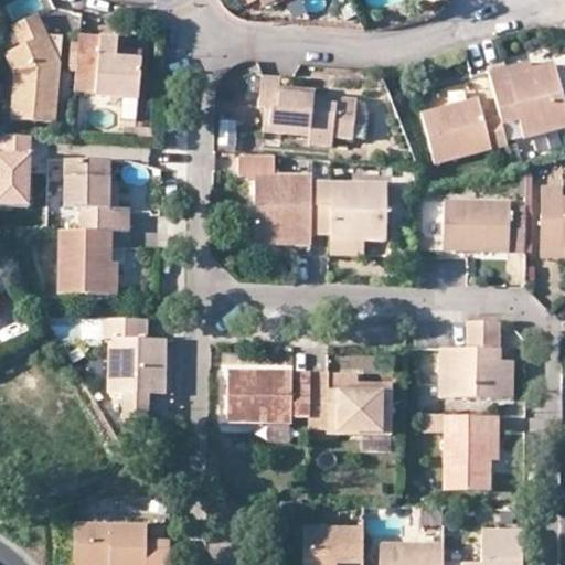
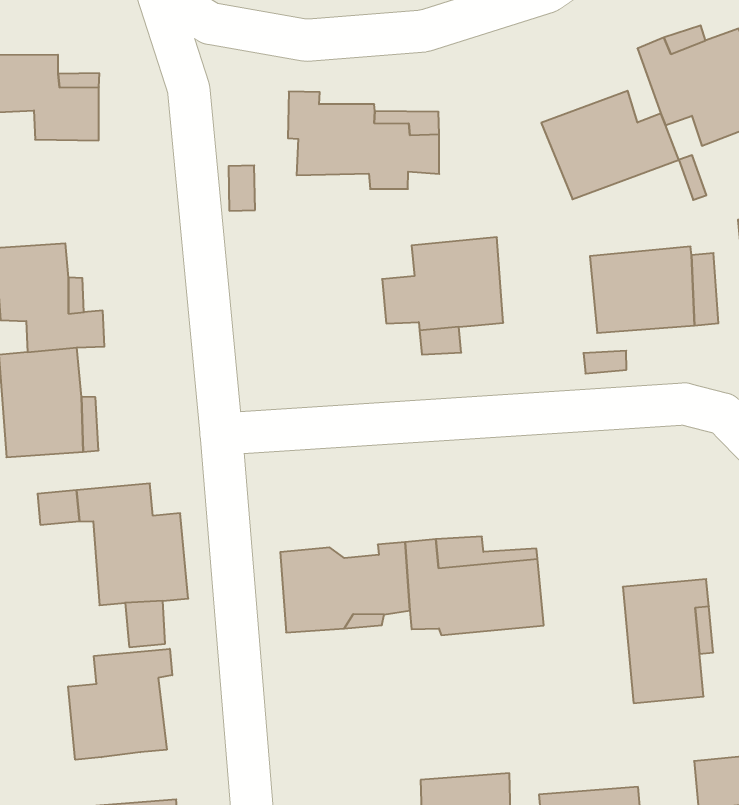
building: [239,154,311,244] -> none
building: [443,320,511,397] -> none
building: none -> [68,649,172,760]

